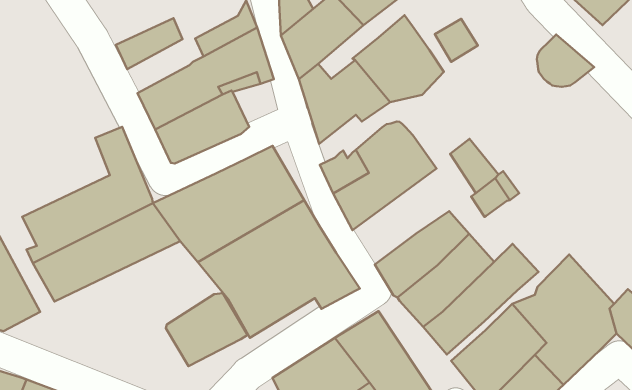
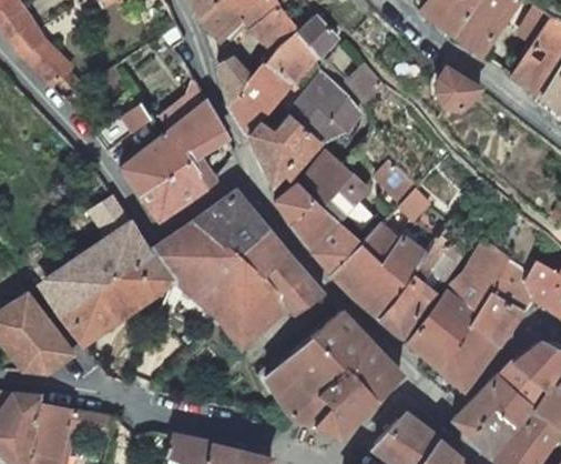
building: none -> [314,224,361,274]
building: [166,293,247,366] -> none

